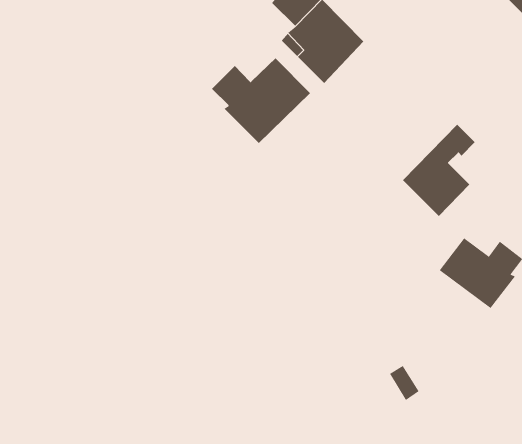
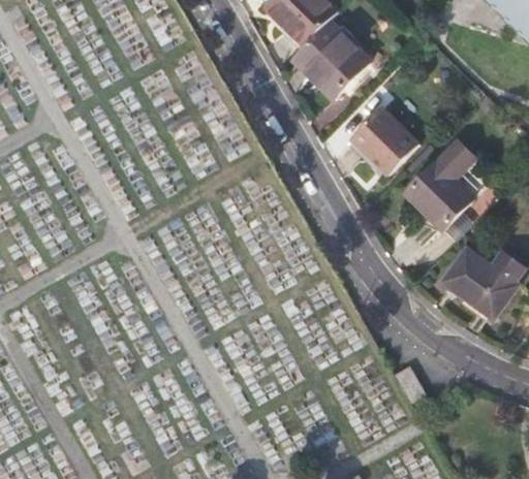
building: [211,58,311,144] -> none
building: none -> [352,107,417,173]

